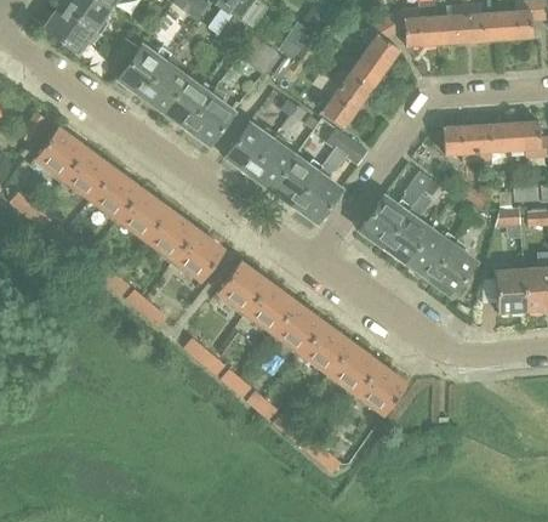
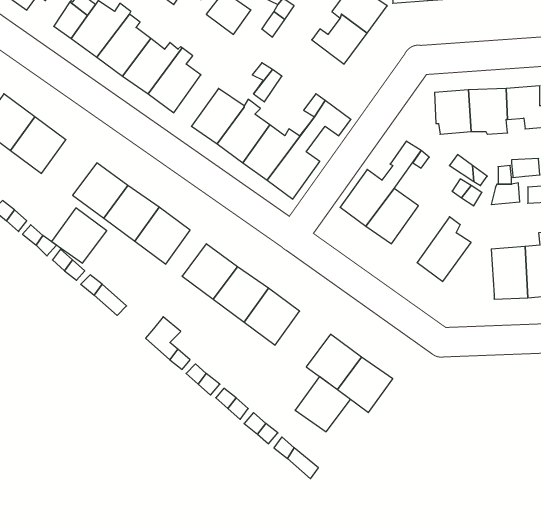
building: [320,79,363,127] -> none
building: [91,169,141,219] -> [51,208,107,263]
building: [405,228,457,279] -> none
building: [301,323,350,373] -> [295,376,350,432]

